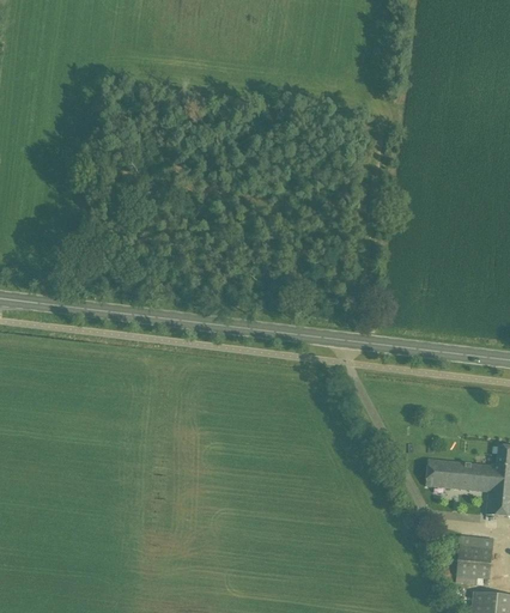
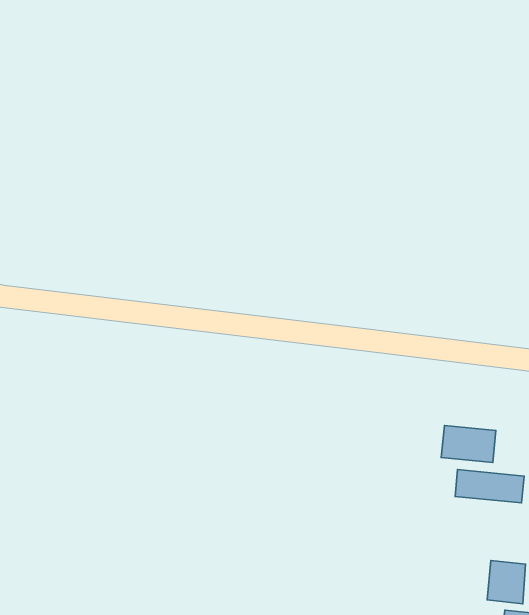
building: none -> [441,425,496,462]

